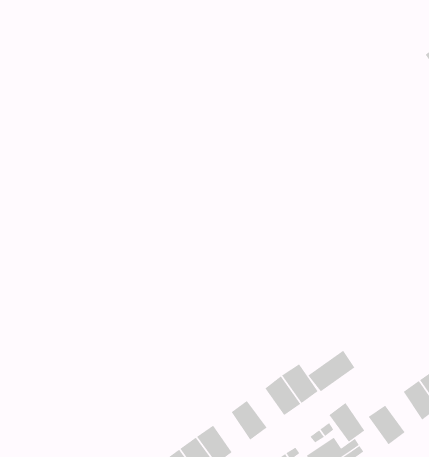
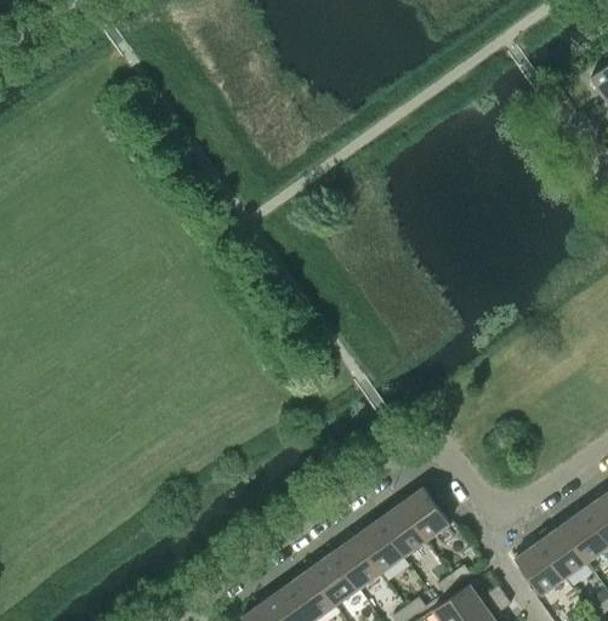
building: [308,350,355,392] -> none
building: none -> [354,520,403,572]
building: [328,402,365,442] -> [538,525,586,579]
building: none -> [309,552,358,605]

